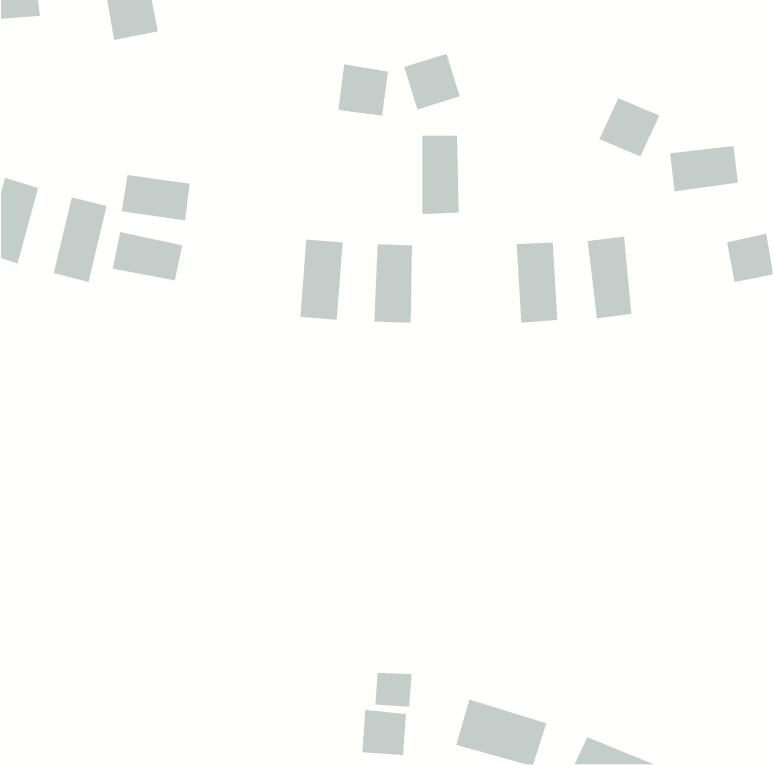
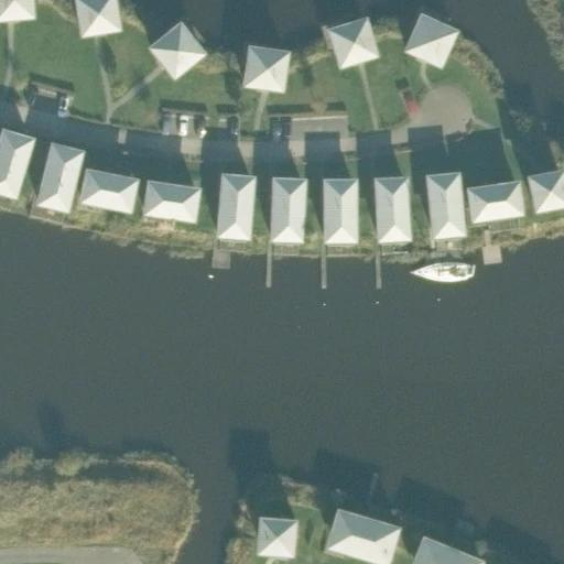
building: none -> [152,24,199,72]
building: [403,53,461,110] -> [330,19,372,61]
building: [598,97,660,158] -> [406,15,452,59]
building: [422,135,459,215] -> [325,178,352,237]
building: [669,145,739,192] -> [468,182,519,216]
building: [121,174,190,221] -> [144,181,195,215]
building: [374,672,412,708] -> none

